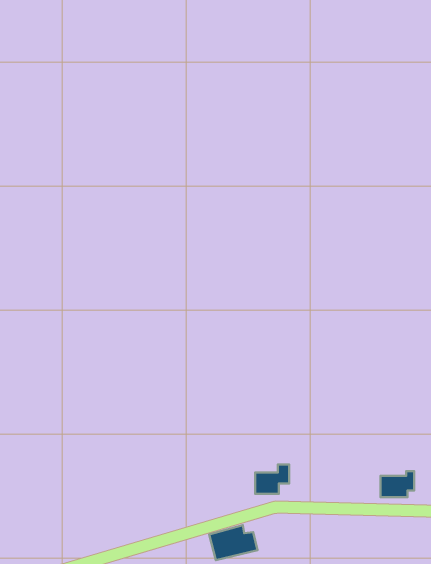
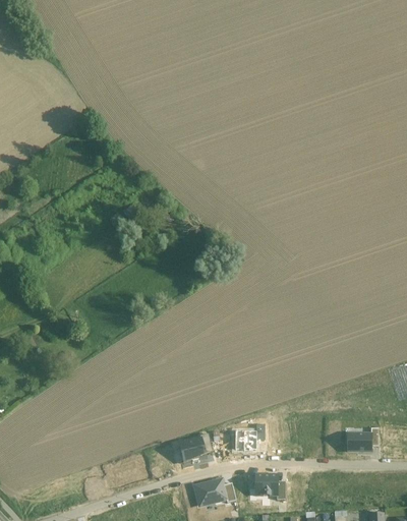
building: none -> [178,432,211,464]
building: none -> [253,473,284,499]

